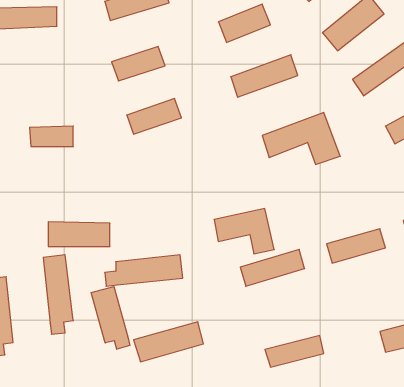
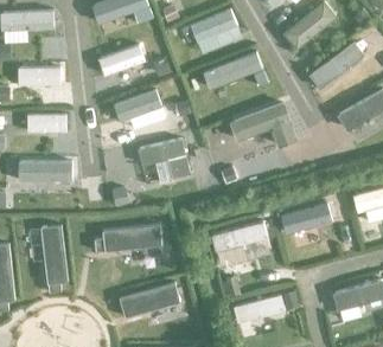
building: none -> [18,69,62,88]
building: [214,209,274,254] -> [138,139,190,178]
building: [48,222,110,246] -> [19,161,72,182]
building: [91,287,130,349] -> none

